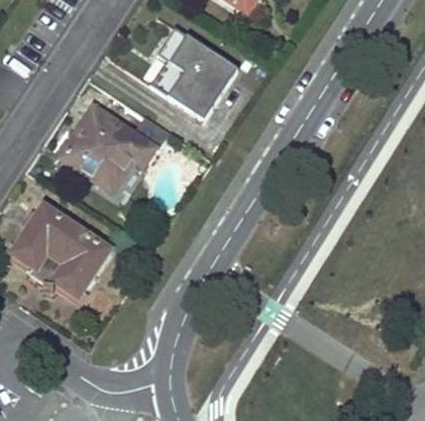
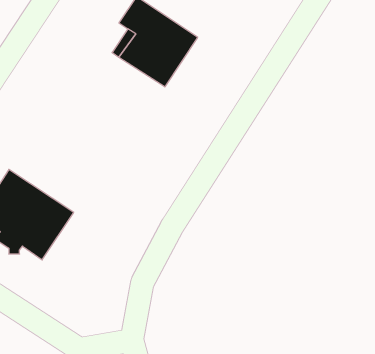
building: [60,103,156,191] -> none

